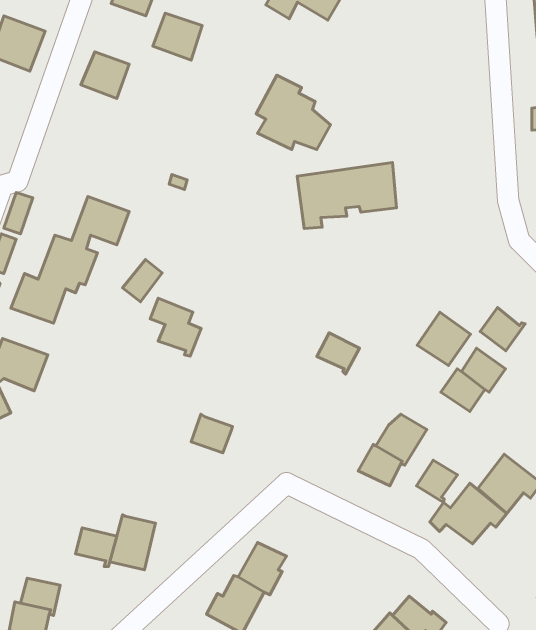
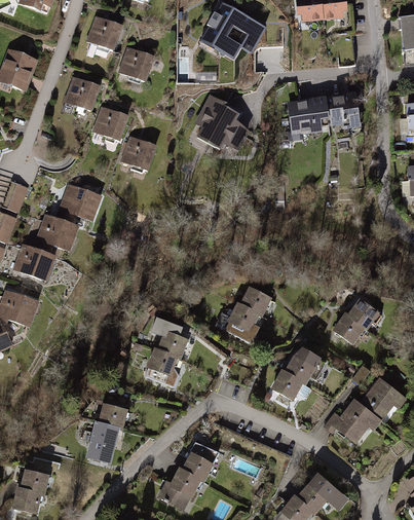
building: none -> [92,107,128,140]
building: none -> [121,136,157,170]
building: [297,162,397,229] -> [287,91,361,141]
building: [122,260,162,302] -> none
building: [150,298,201,356] -> [151,317,189,360]
building: [480,307,525,351] -> none
building: [417,312,471,365] -> none
building: none -> [225,301,261,342]
building: [417,460,457,502] -> none
building: [75,528,117,566] -> [98,403,128,432]

